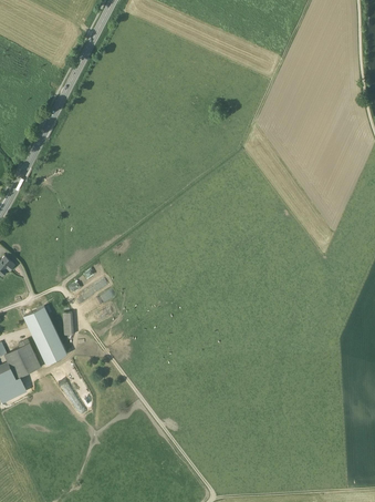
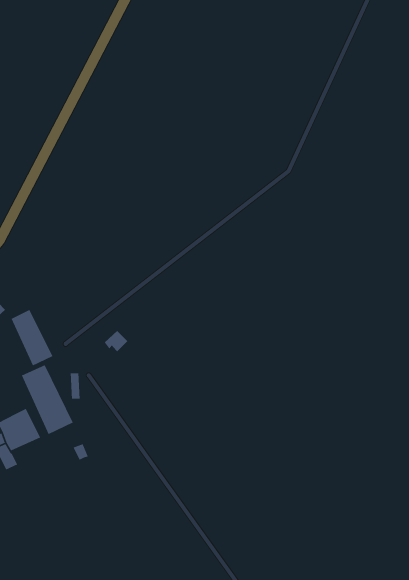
building: none -> [11,309,53,366]

